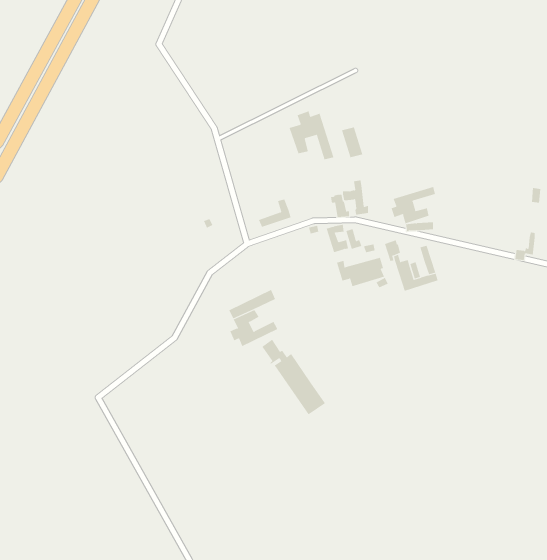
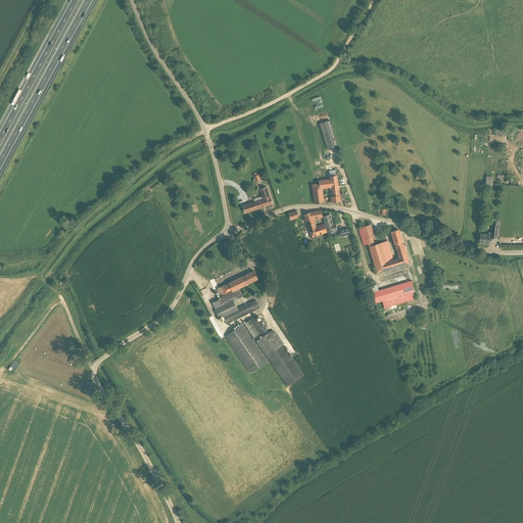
building: [289,111,334,160] -> none
building: [391,186,435,224] -> none
building: [336,257,385,287] -> [368,280,413,307]
building: none -> [225,324,267,373]

